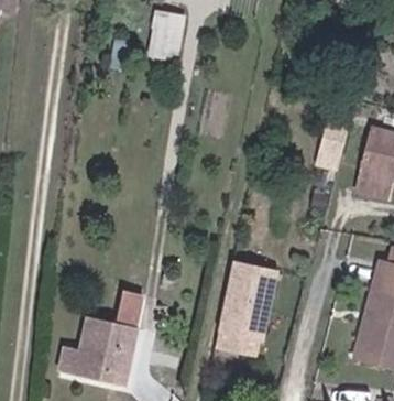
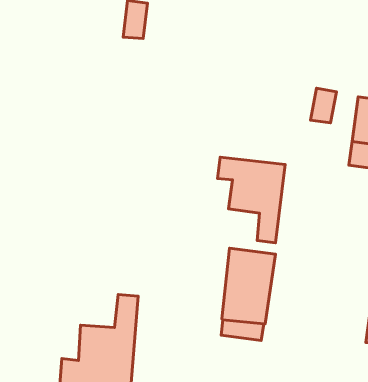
building: none -> [217,157,285,243]

